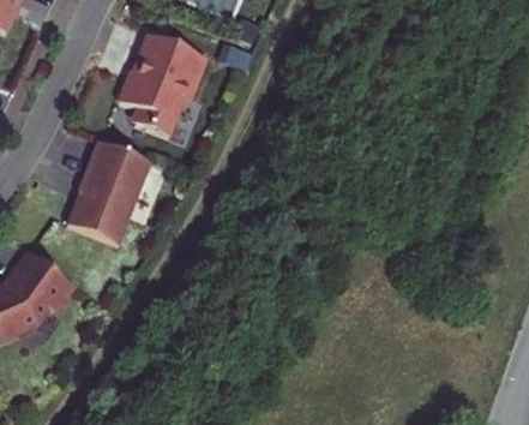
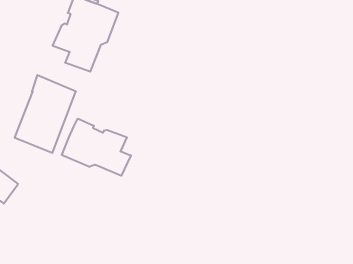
building: none -> [62,119,131,176]

